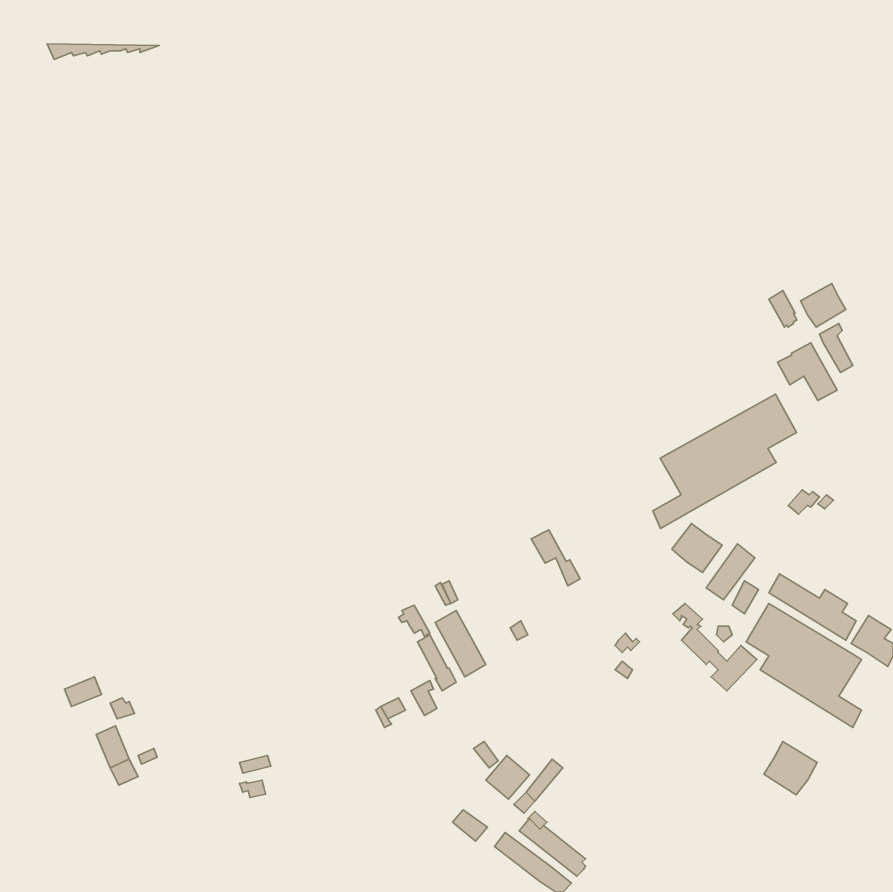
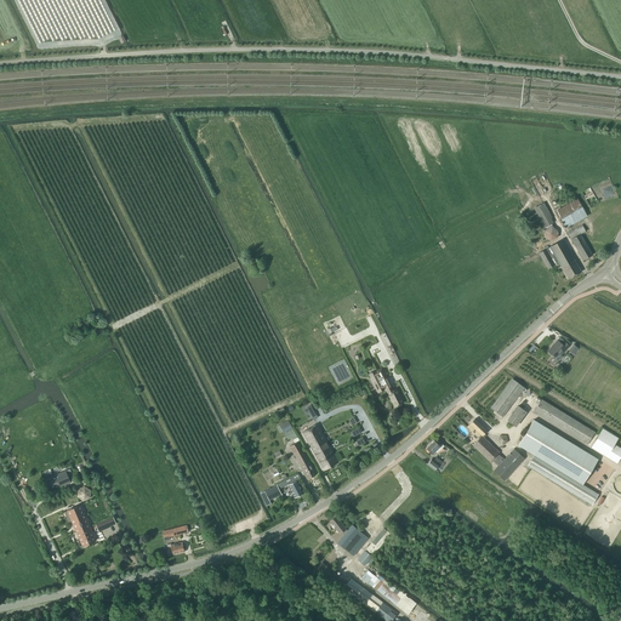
building: [653,394,796,529] -> none
building: [672,524,722,573] -> none
building: [764,742,817,795] -> none

